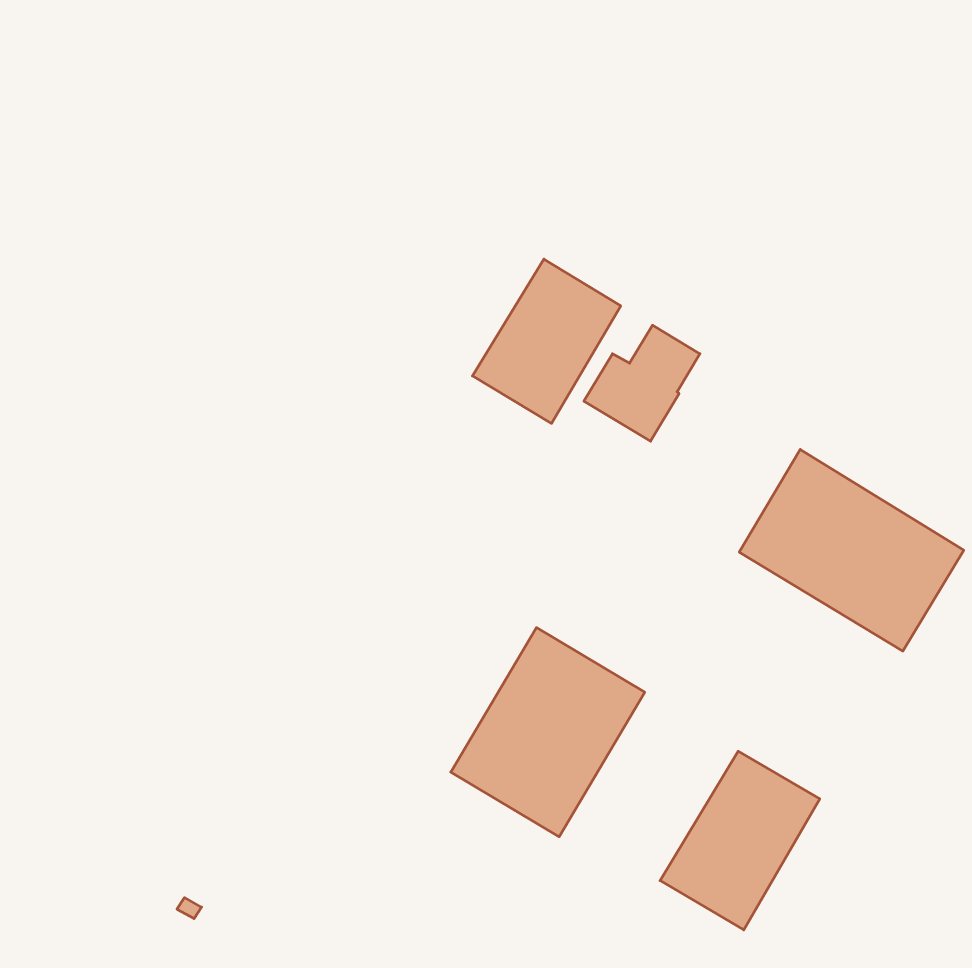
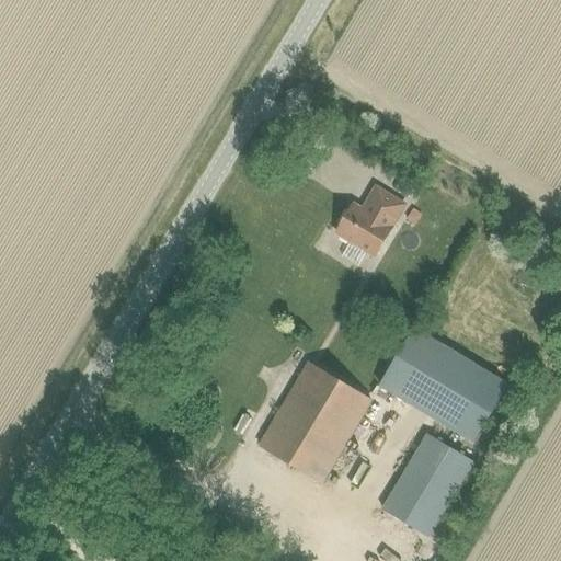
building: [472,259,621,423] -> none
building: [739,449,964,651] -> [378,325,507,442]

